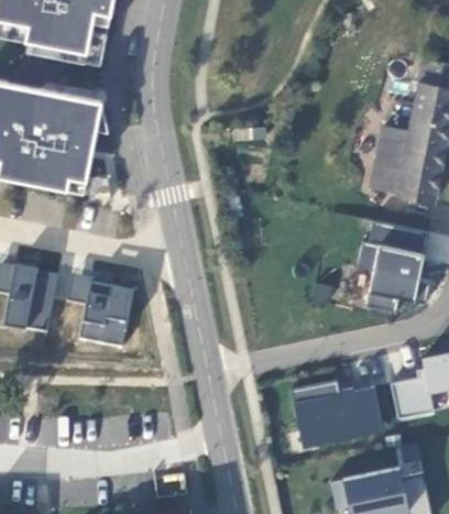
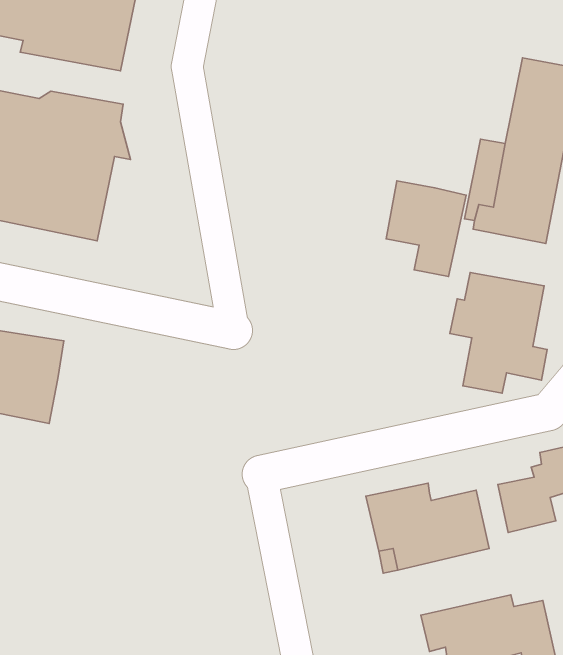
building: none -> [386,181,466,277]
building: [56,273,135,348] -> none

